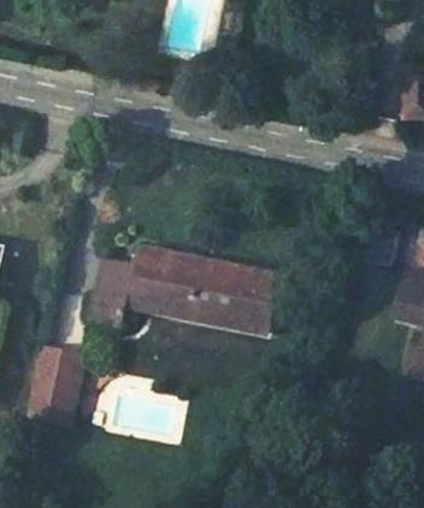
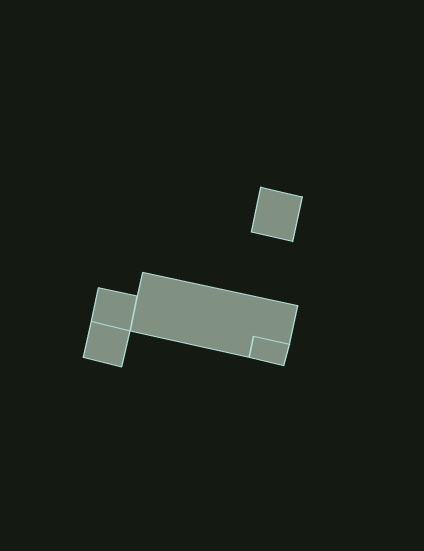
building: none -> [251,187,302,242]
building: [25,350,83,425] -> none

